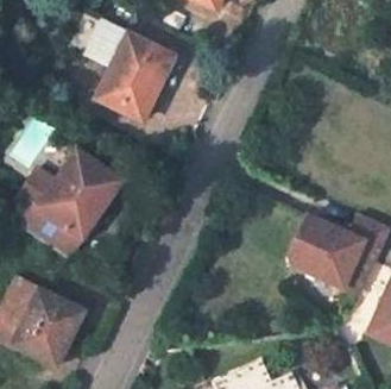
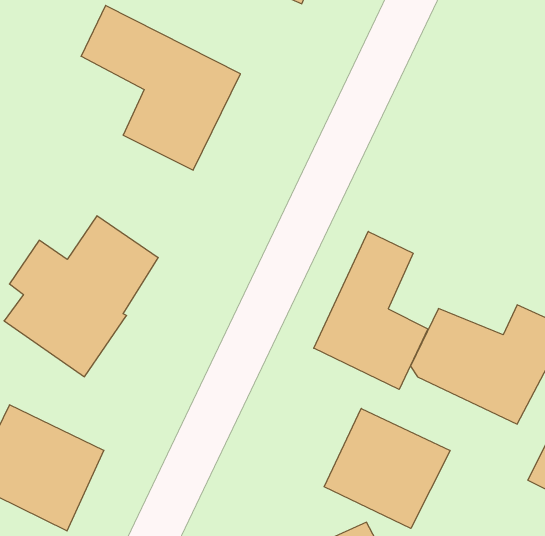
building: none -> [314,231,428,389]
building: none -> [324,408,450,528]

